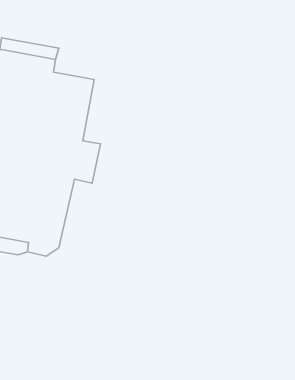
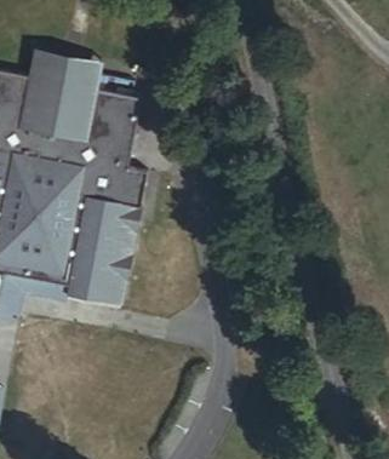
building: none -> [88,211,142,306]

